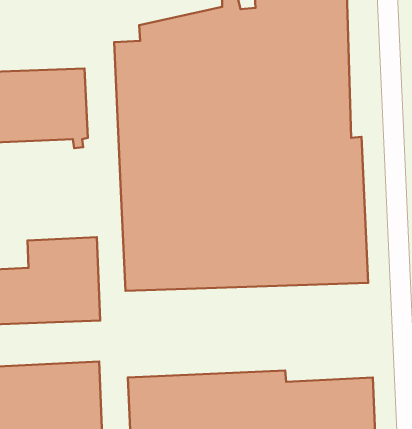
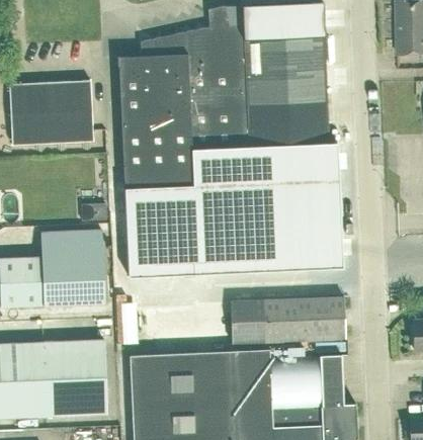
building: none -> [231,278,345,342]

